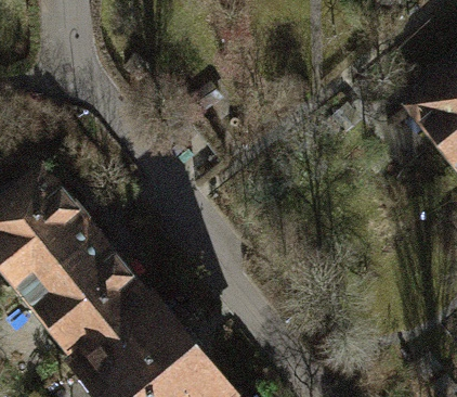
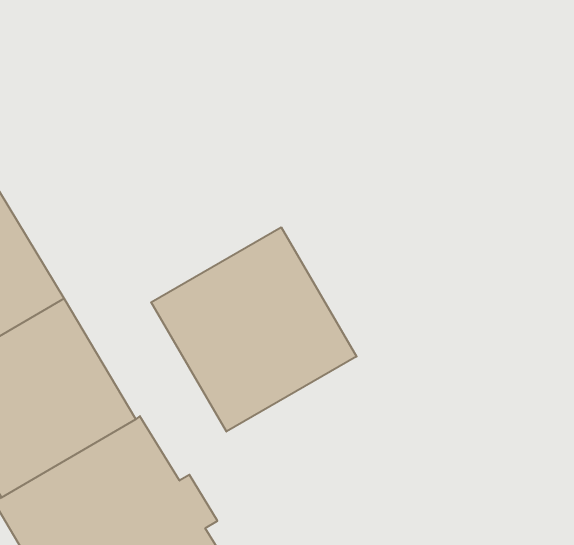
building: none -> [151,227,357,432]

